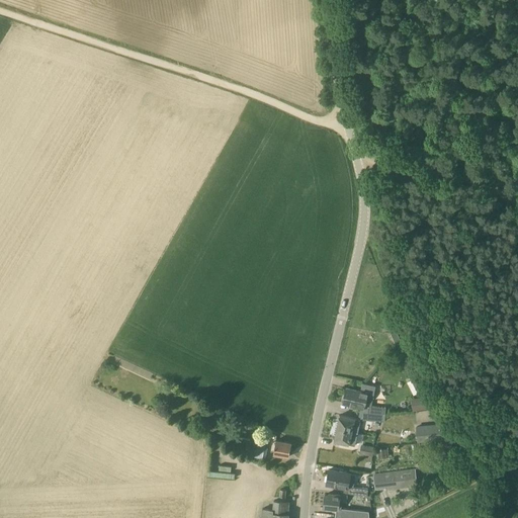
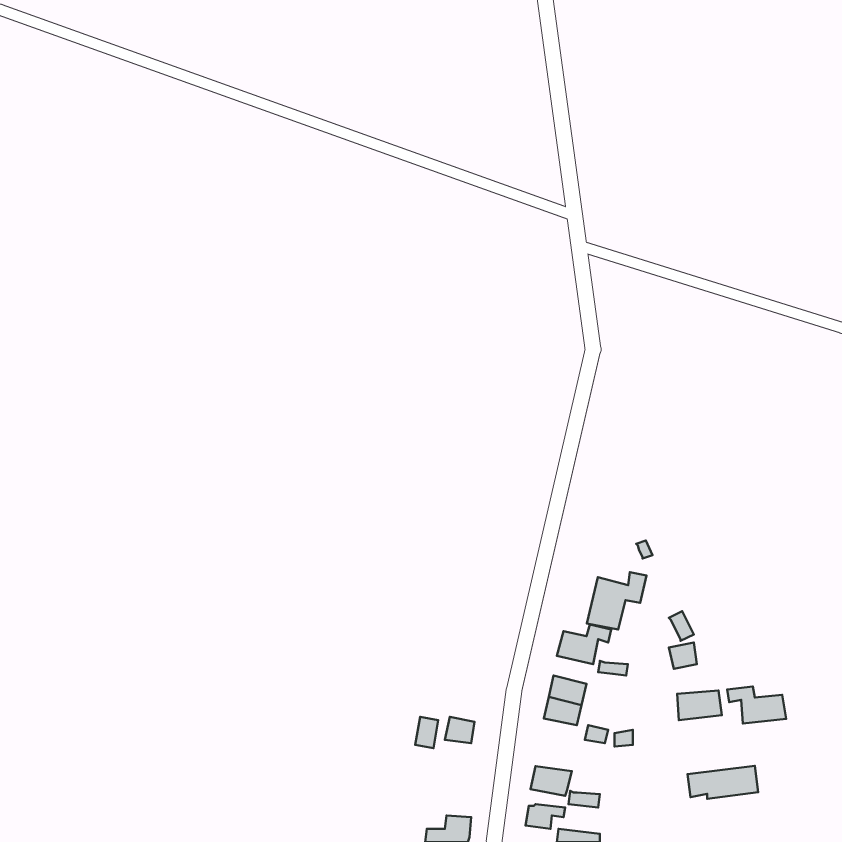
building: none -> [587,572,646,629]
building: none -> [727,686,786,724]
building: [373,469,417,490] -> [687,766,758,799]

